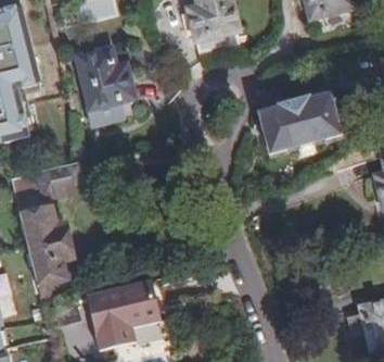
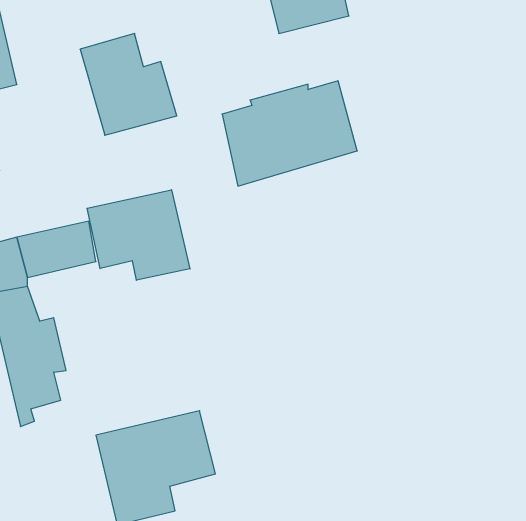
building: [260,89,344,154] -> [222,81,357,186]
building: none -> [87,190,190,280]

